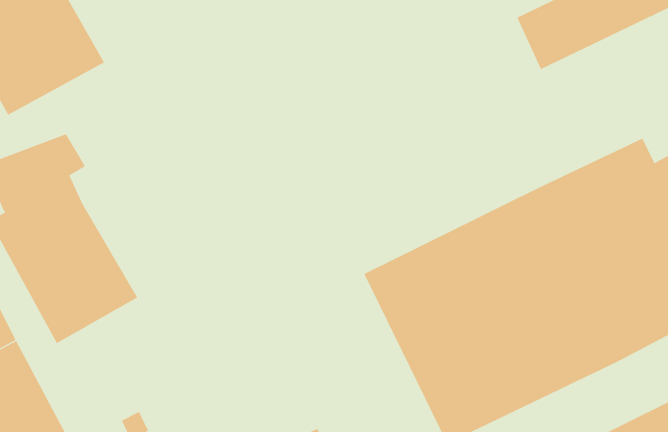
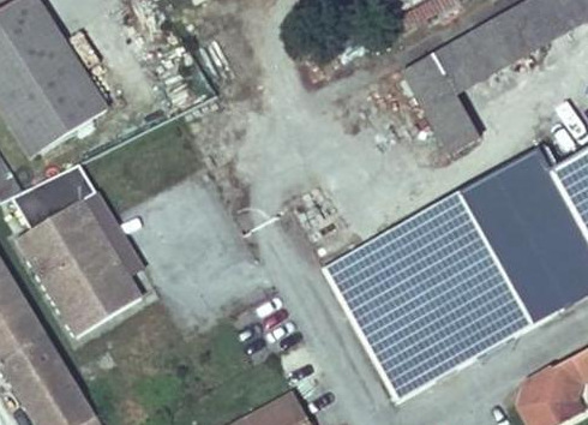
building: none -> [401,54,480,157]

